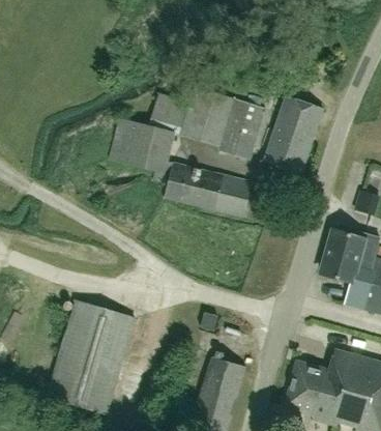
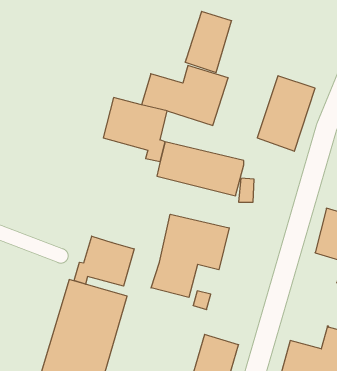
building: [218,98,265,160] -> [185,11,232,72]
building: none -> [151,214,229,297]
building: none -> [74,236,134,286]

